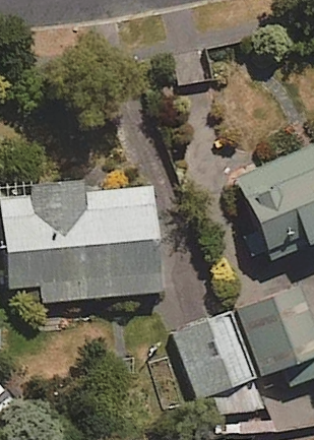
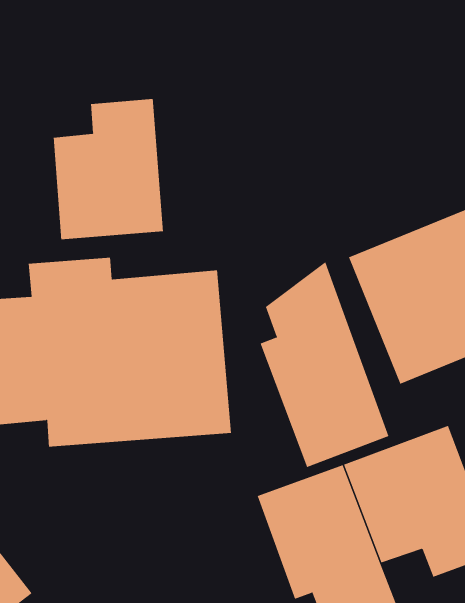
building: none -> [53,98,164,240]
building: none -> [260,261,389,468]

